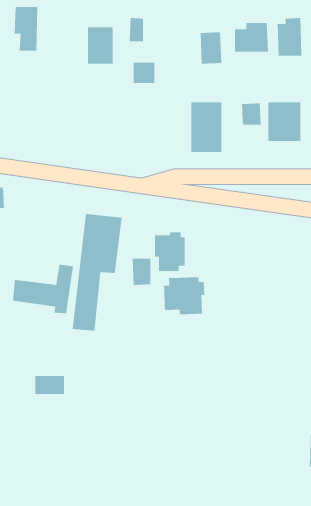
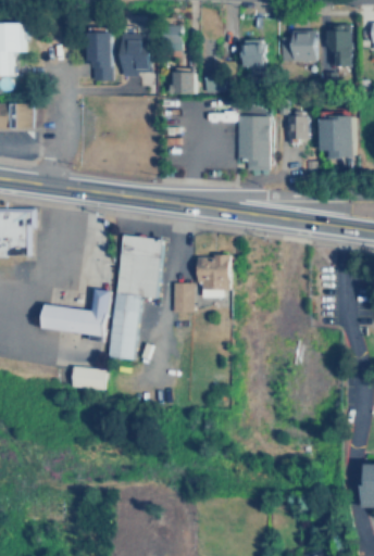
building: [14,7,38,51] -> [89,34,115,81]
building: [164,276,205,315] -> none
building: [34,375,65,395] -> [71,369,103,390]

